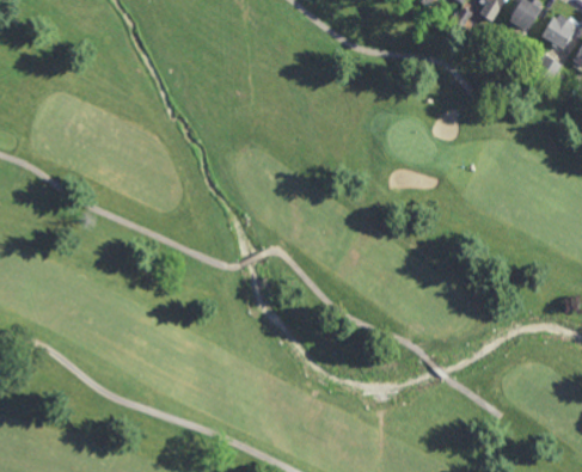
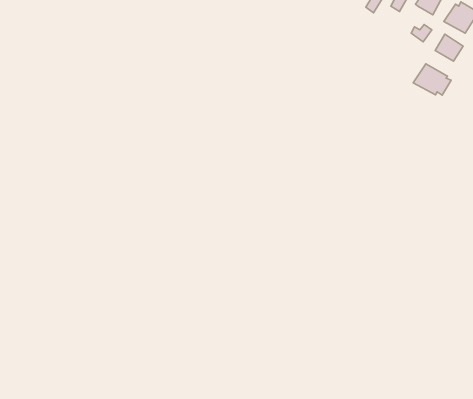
building: none -> [413,64,451,95]

